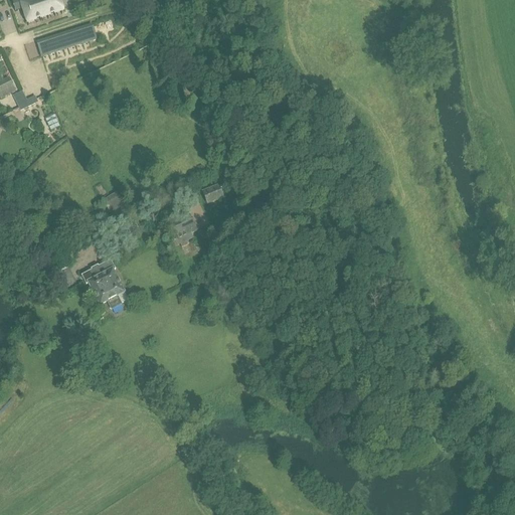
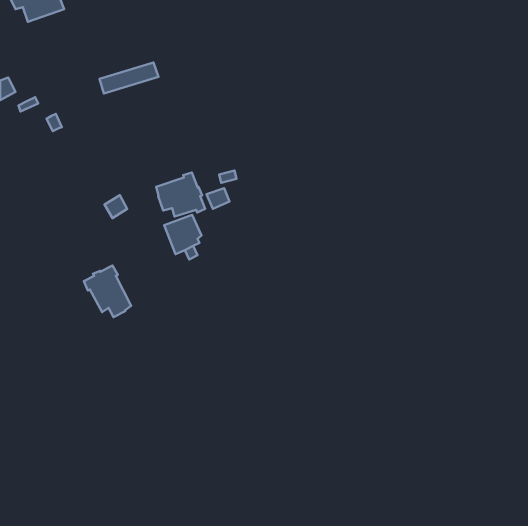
building: [38,24,96,54] -> [100,62,159,93]
building: none -> [156,172,205,216]

